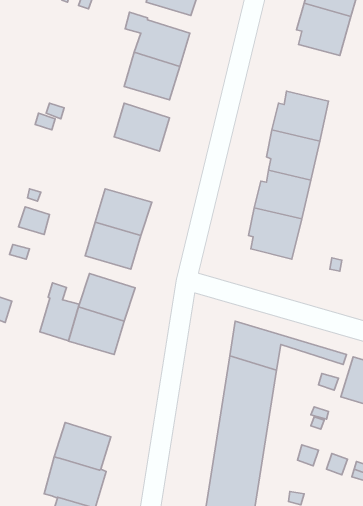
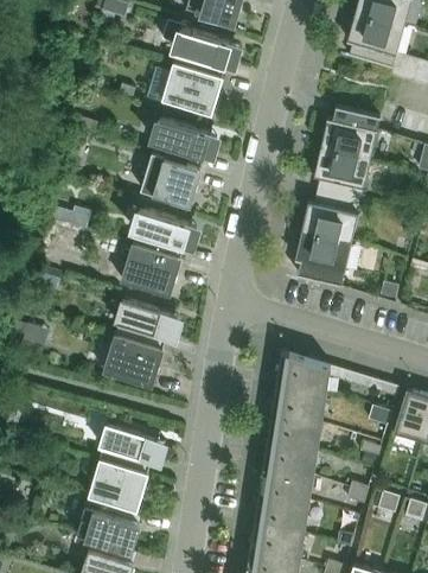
building: none -> [141,154,200,205]
building: [40,283,79,341] -> none
building: none -> [100,425,159,475]

